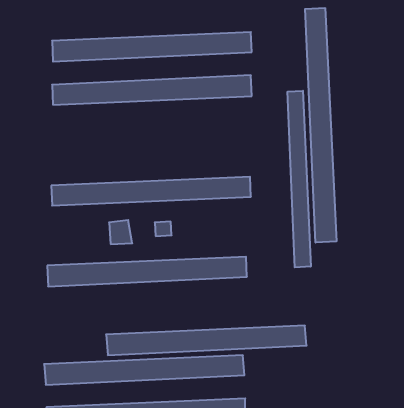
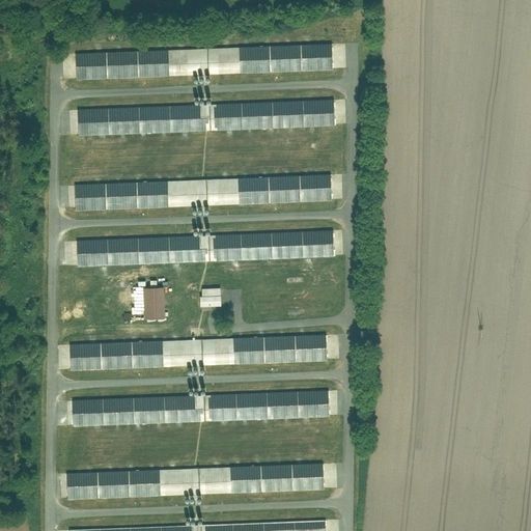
building: [305,8,336,243] -> none
building: [288,91,311,267] -> none
building: none -> [73,174,332,213]
building: [106,326,307,355] -> [68,390,328,428]

